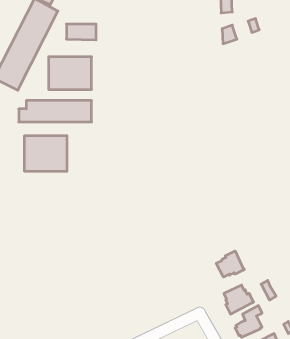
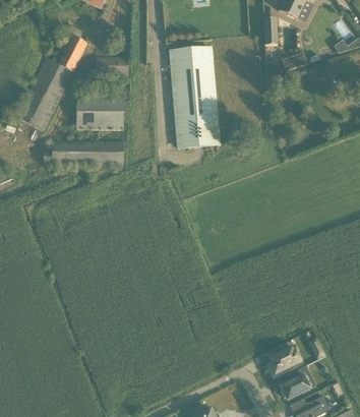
building: none -> [169,46,221,148]
building: [25,136,67,171] -> none
building: [216,251,244,277] -> none

